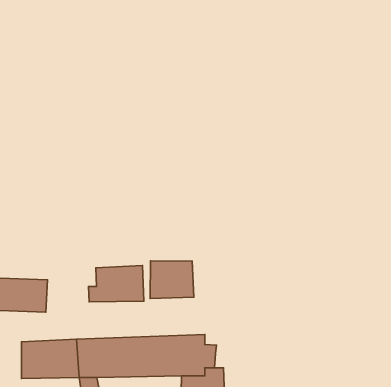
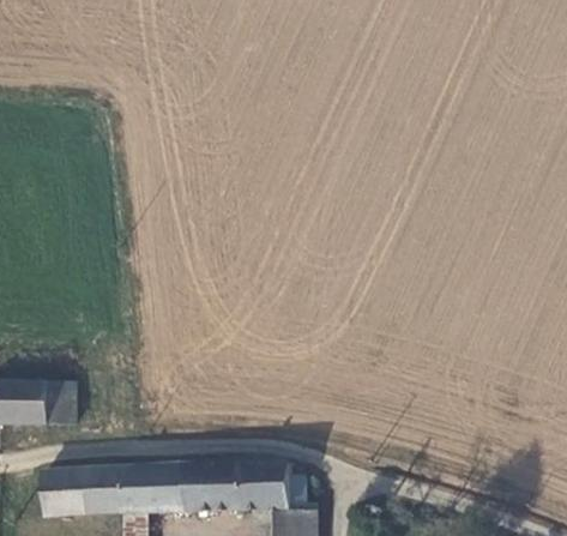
building: [150,261,194,299] -> none
building: [89,265,144,302] -> none

